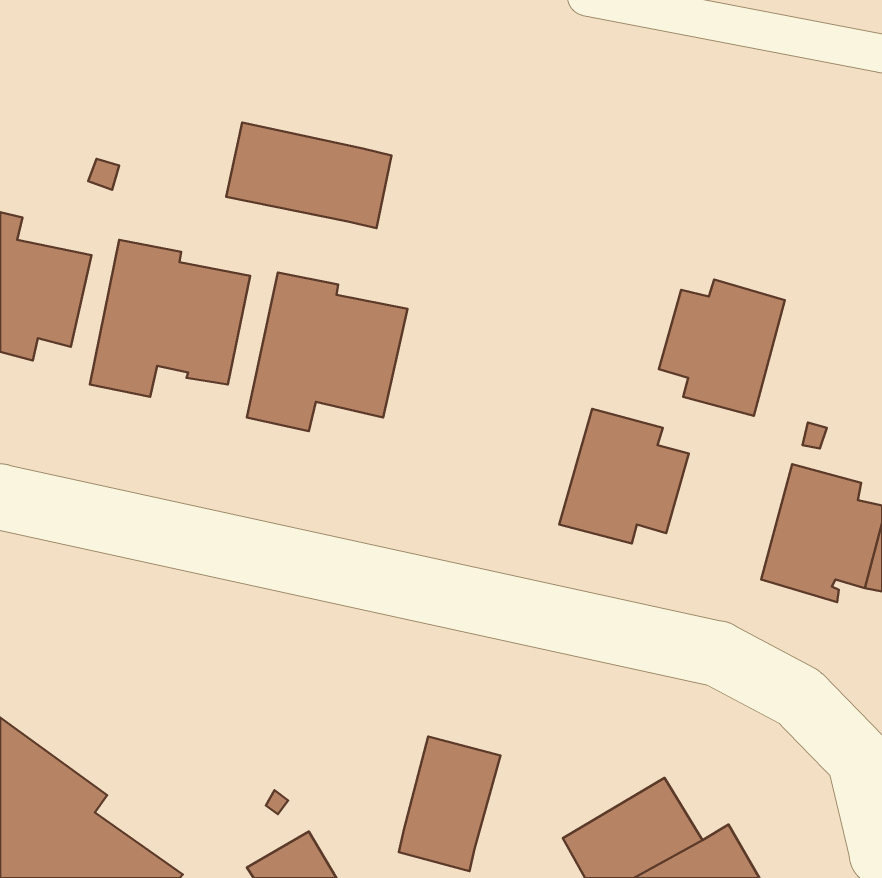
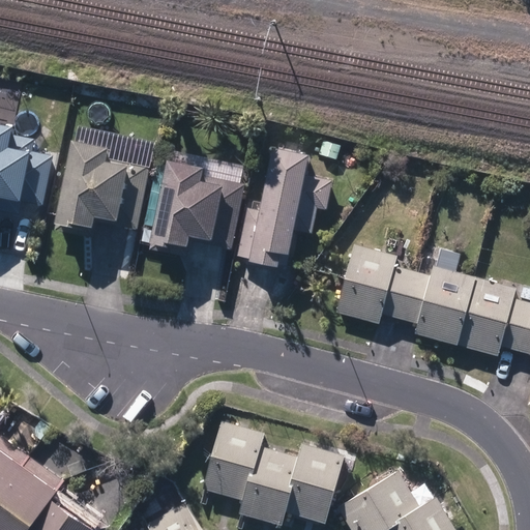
building: [226,122,392,228] -> none
building: none -> [238,151,332,270]
building: [659,279,785,416] -> [400,266,475,348]
building: none -> [201,417,261,498]
building: none -> [285,441,344,521]

